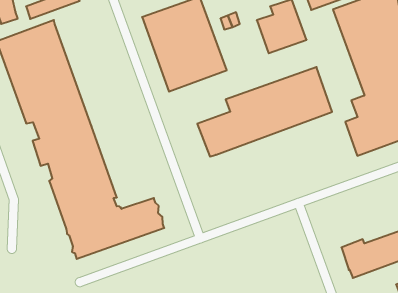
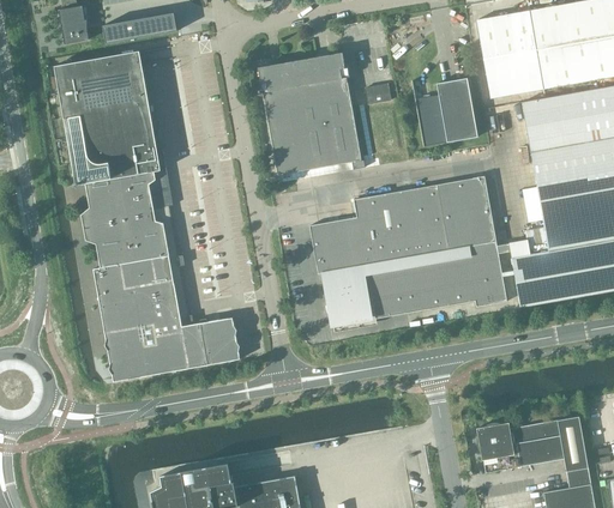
building: none -> [327,241,507,328]

